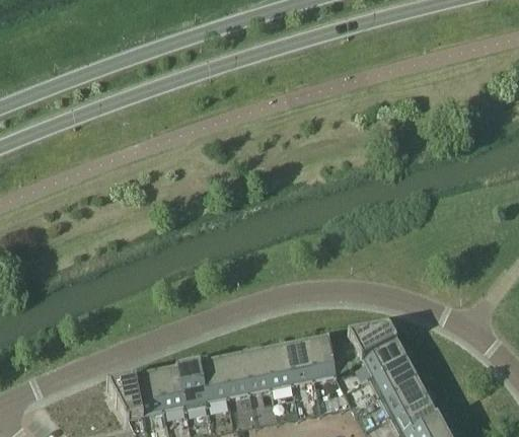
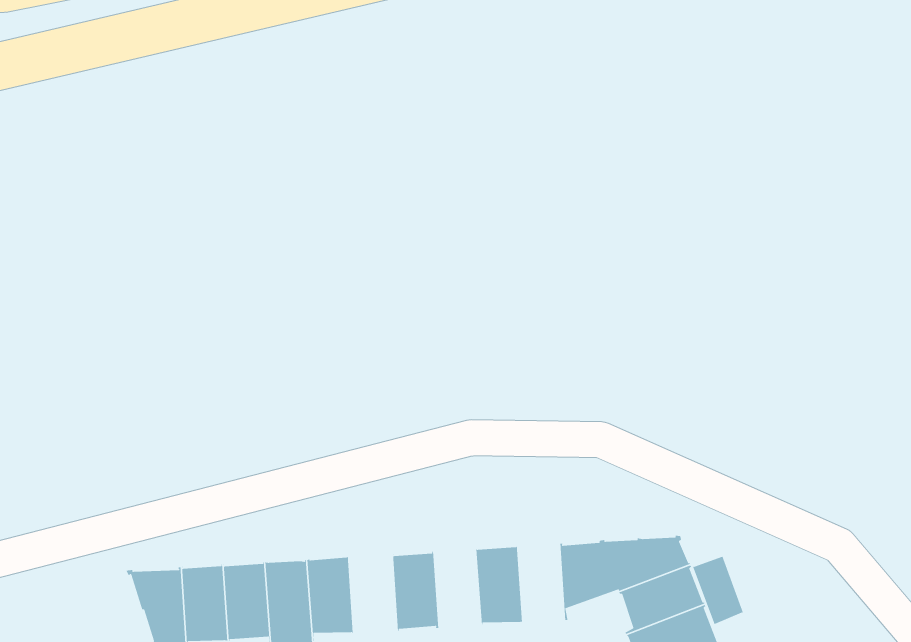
building: none -> [692,555,744,625]
building: [309,338,339,381] -> none
building: [267,347,296,390] -> none
building: [223,355,253,398] -> none

